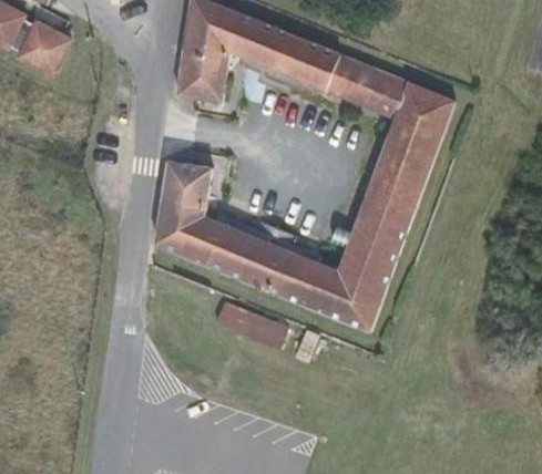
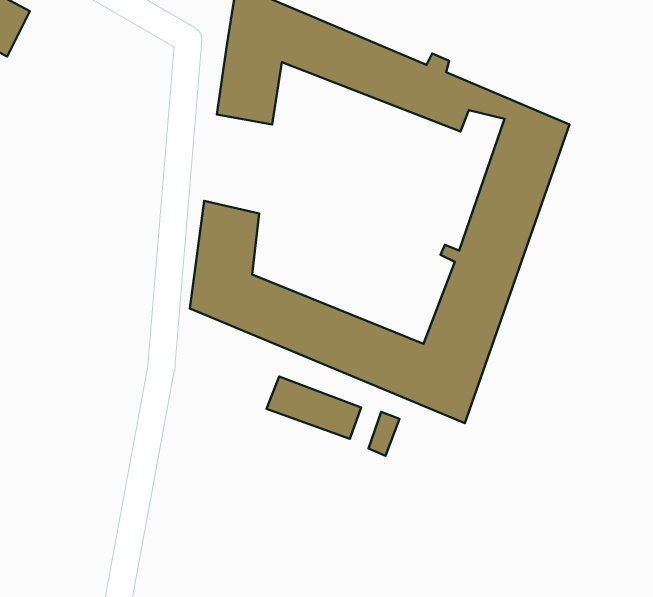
building: [18,16,76,73] -> none

